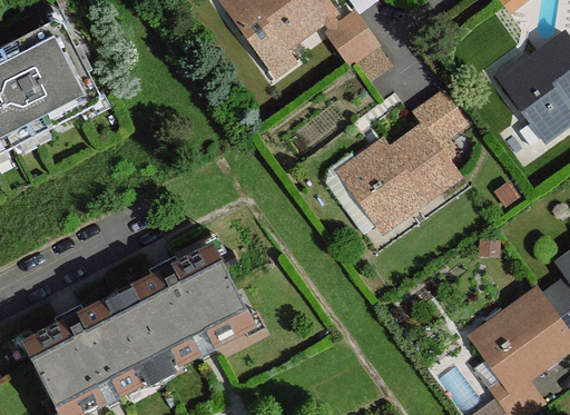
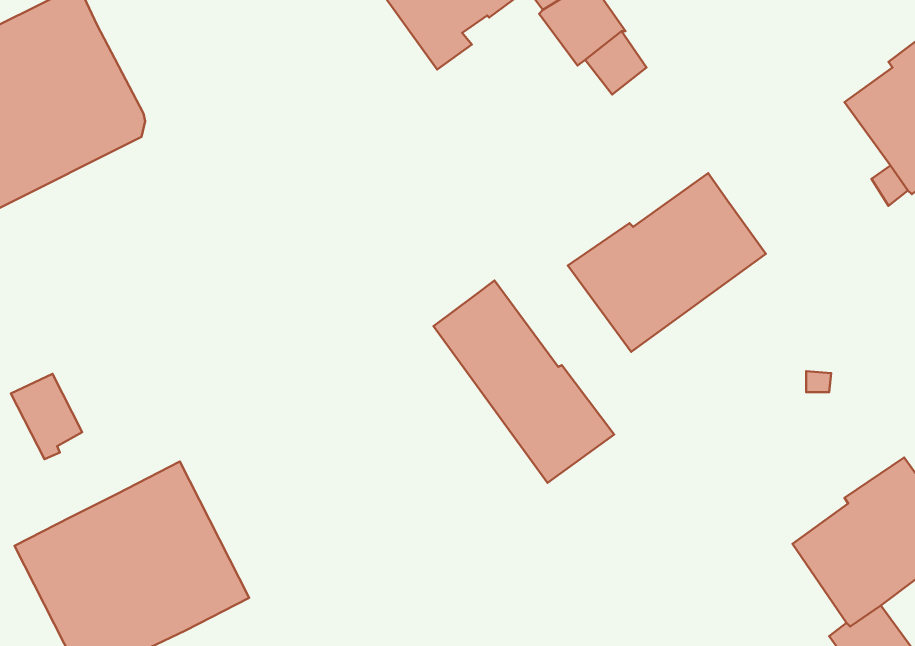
building: [414,93,463,141] -> none
building: none -> [434,281,614,483]
building: none -> [11,374,82,459]
building: [118,245,254,372] -> none

